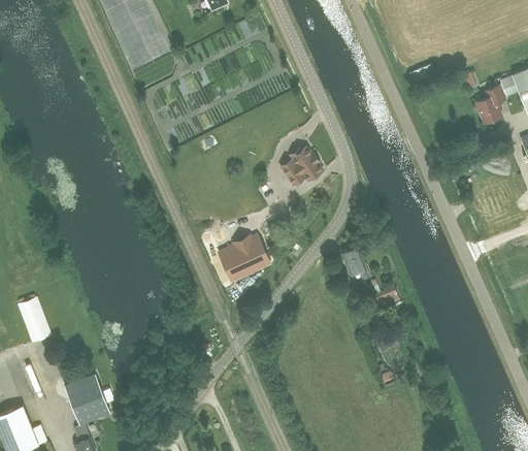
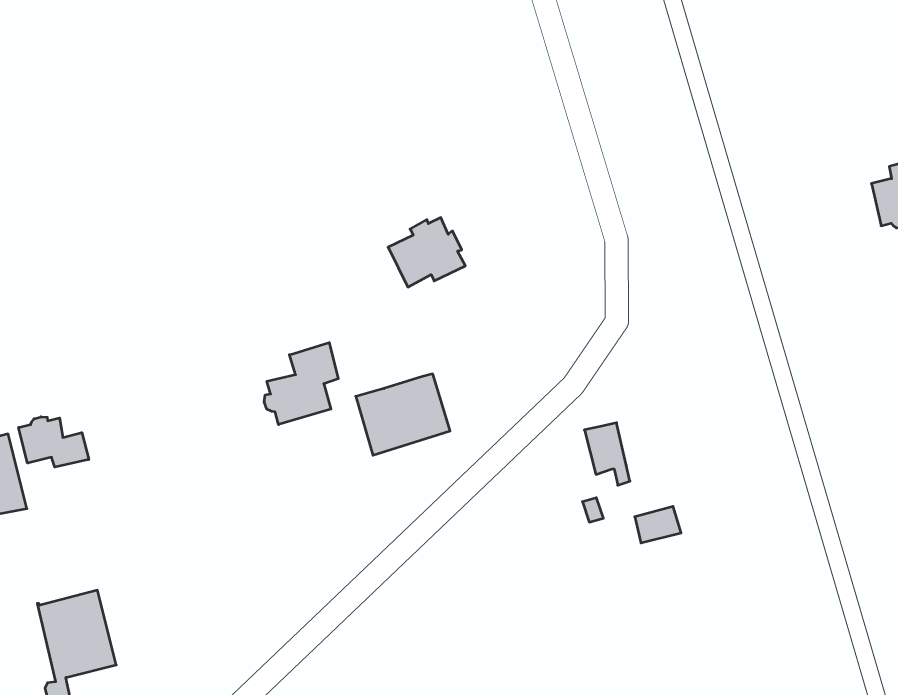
building: [280,146,323,185] -> [388,218,465,287]
building: none -> [264,343,338,425]
building: none -> [19,417,89,467]

